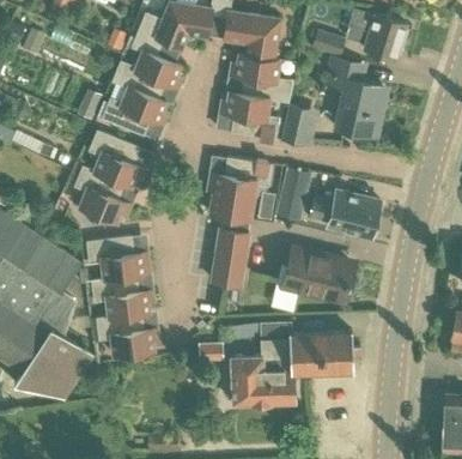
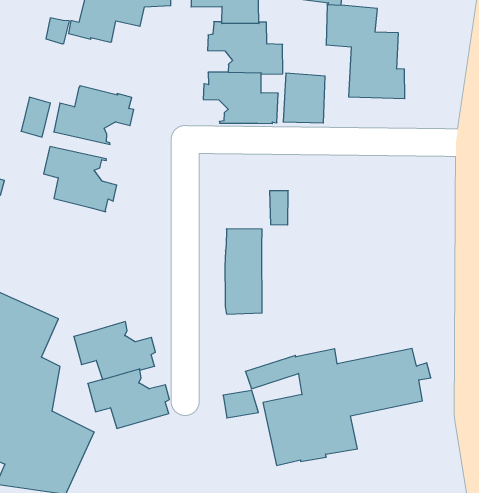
building: [116,50,181,98] -> none
building: [208,157,272,221] -> none
building: [74,165,129,223] -> none
building: [275,167,311,222] -> none
building: [308,191,382,240] -> none
building: [86,235,147,278] -> none
building: [285,249,351,300] -> none

